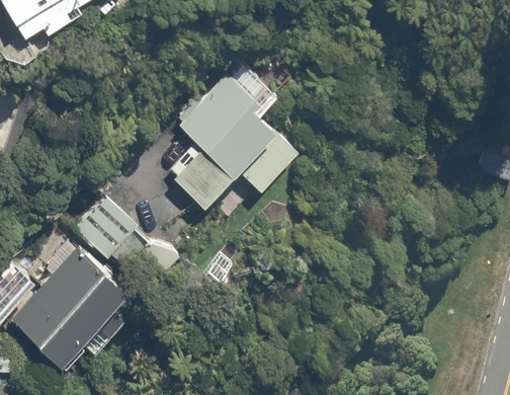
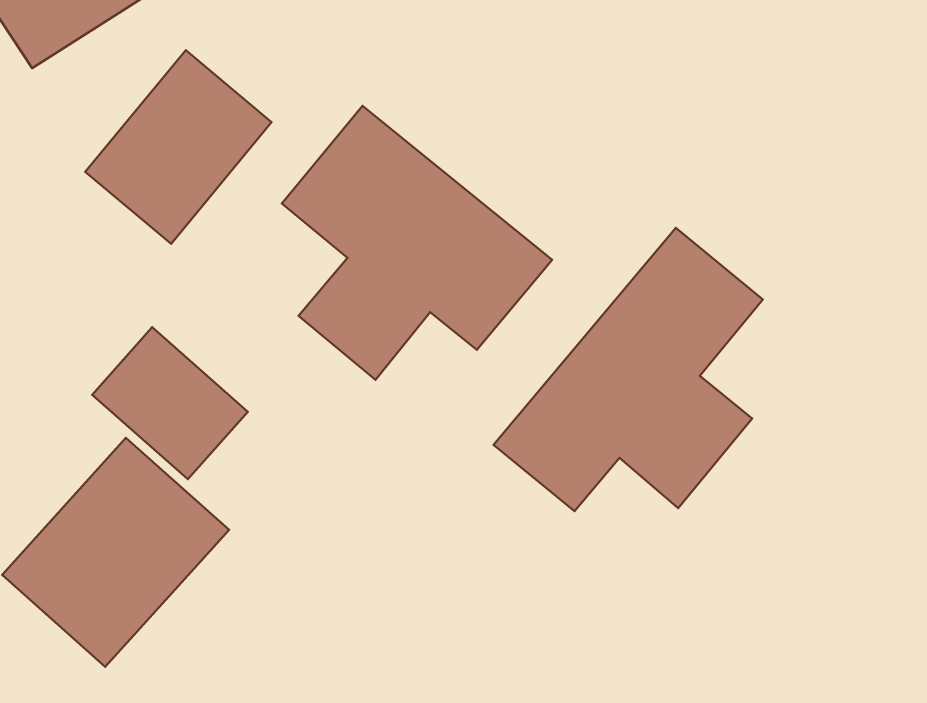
building: none -> [85,50,272,244]
building: none -> [494,228,763,511]

